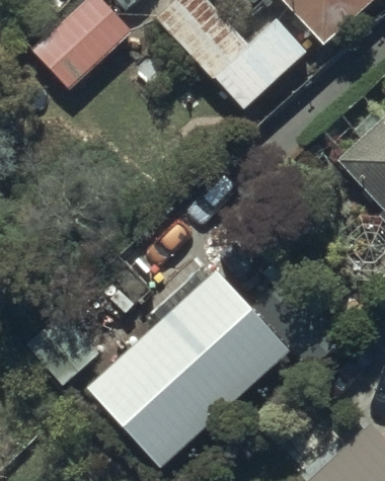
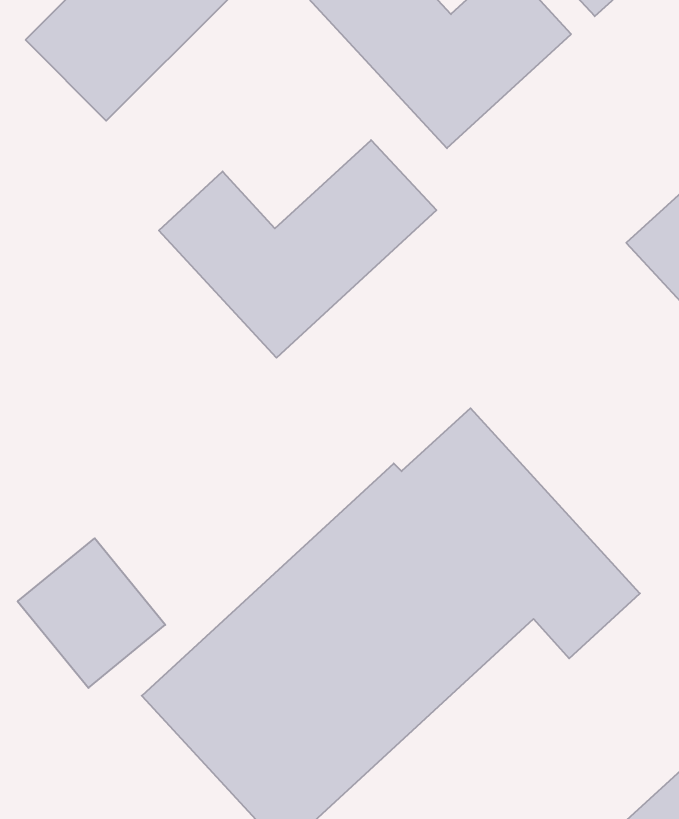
building: none -> [159,140,436,358]

